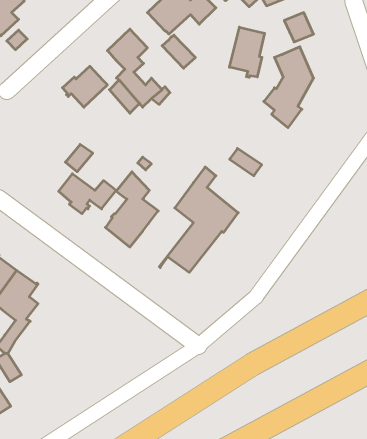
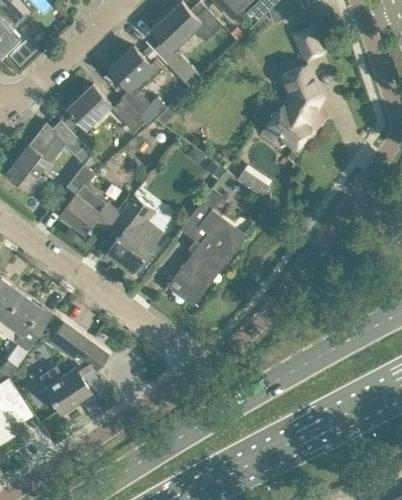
building: [229,27,265,77] -> none
building: none -> [8,121,92,190]
building: none -> [38,324,105,411]

